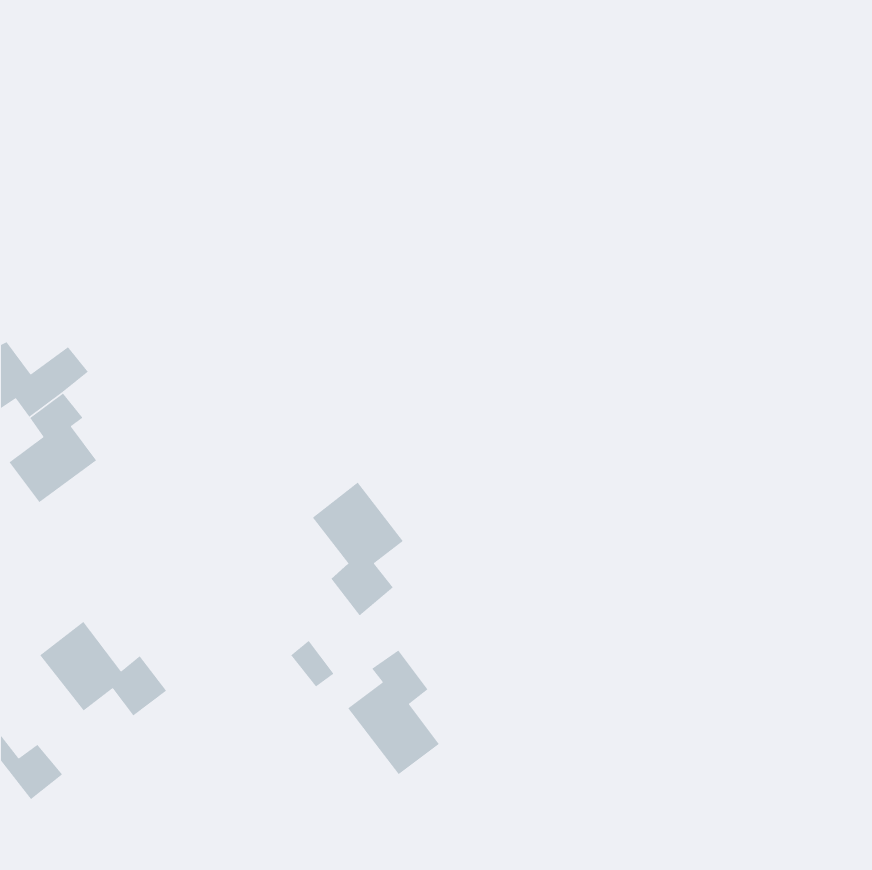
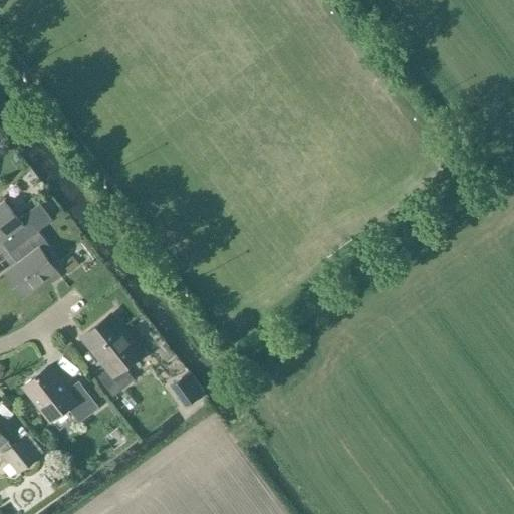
building: [312,482,404,616] -> [84,317,139,397]
building: [347,650,440,775] -> none

